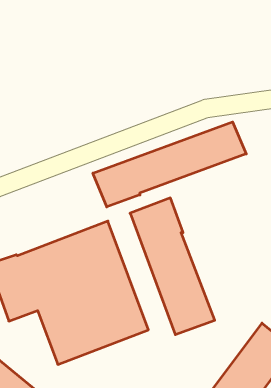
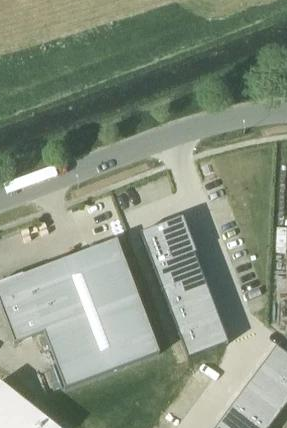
building: [93,122,246,207] -> none

